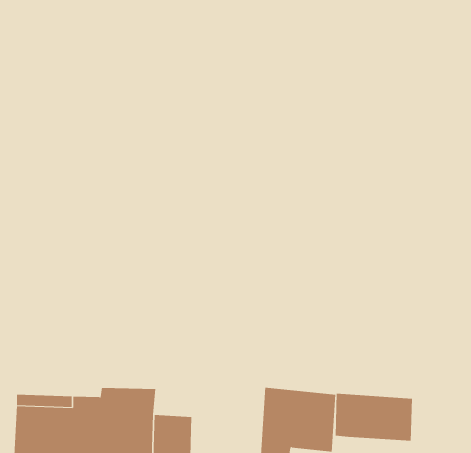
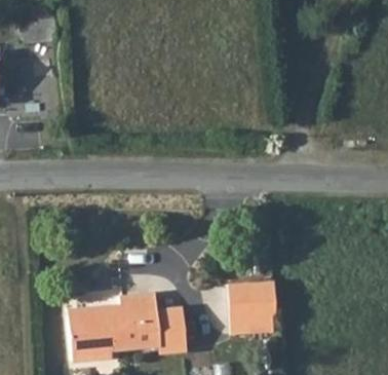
building: [335,393,413,441] -> none

